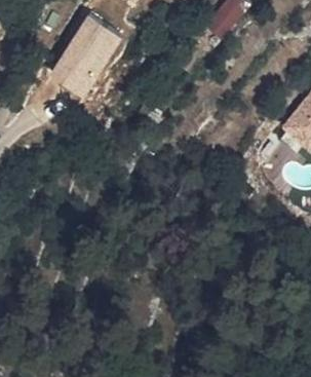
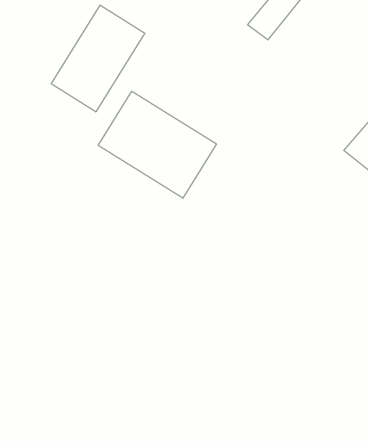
building: none -> [98,91,216,198]

